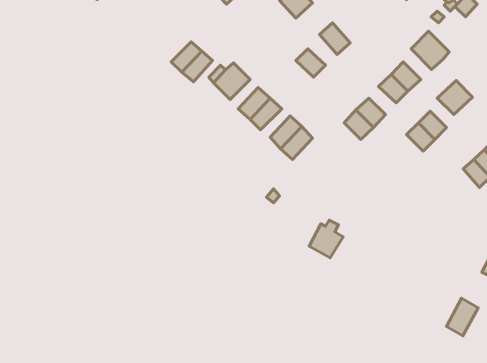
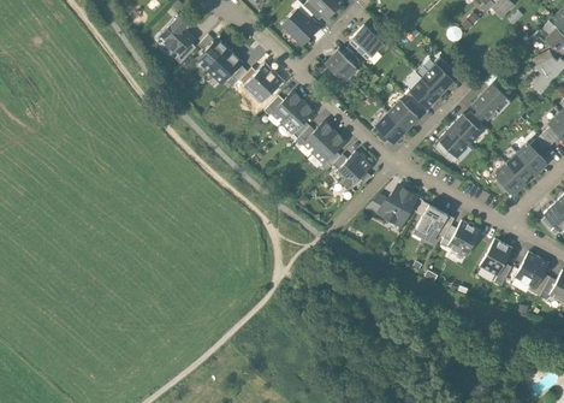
building: none -> [284,10,320,46]
building: none -> [158,22,195,59]
building: [411,31,449,69] -> none
building: none -> [336,153,372,189]
building: none -> [415,207,447,243]
building: none -> [451,223,481,256]
building: [309,220,343,258] -> [379,189,414,227]
building: [446,298,478,336] -> [481,238,513,277]

